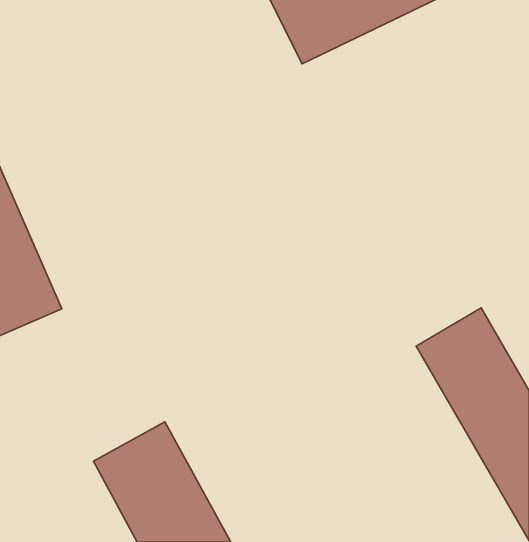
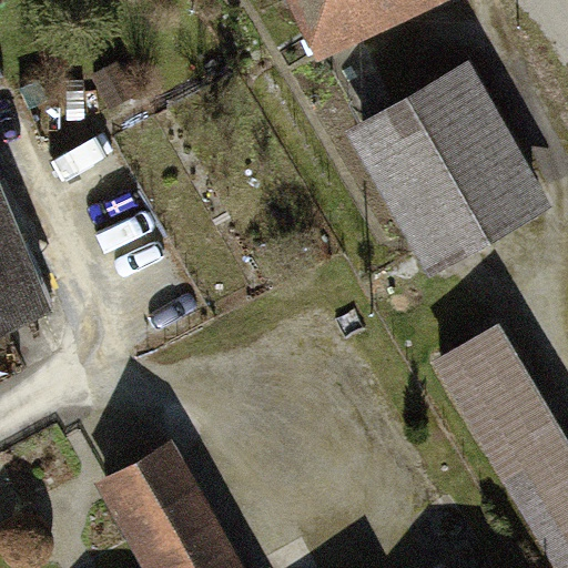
building: none -> [348,65,547,273]

